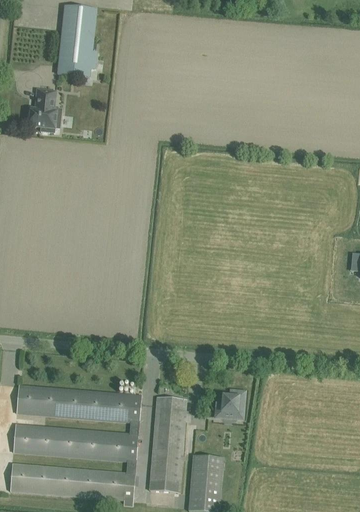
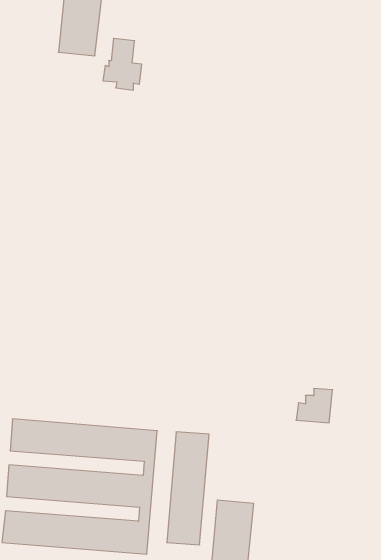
building: [28,89,61,133] -> [103,38,142,90]
building: [214,389,245,418] -> [296,389,333,423]

